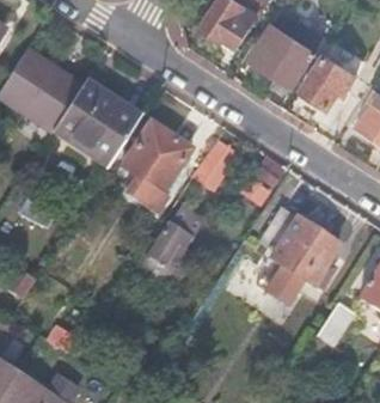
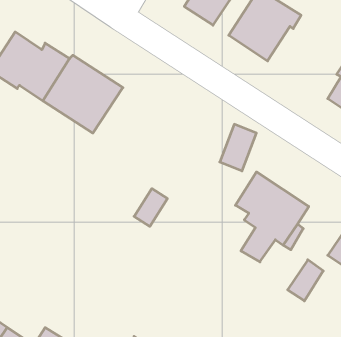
building: [304,55,358,108] -> none
building: [121,120,191,213] -> none
building: [194,135,239,189] -> none

